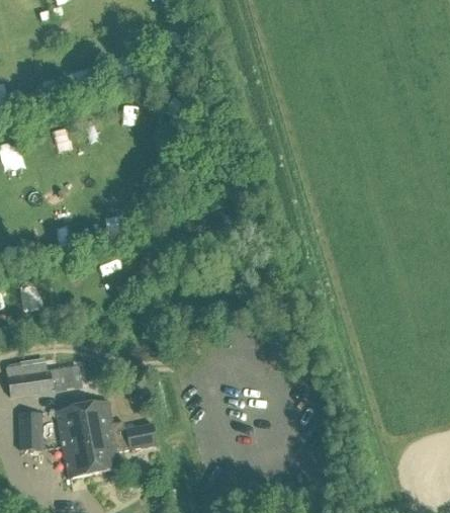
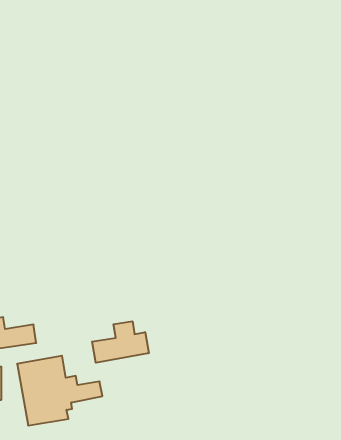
building: none -> [92,321,149,363]

